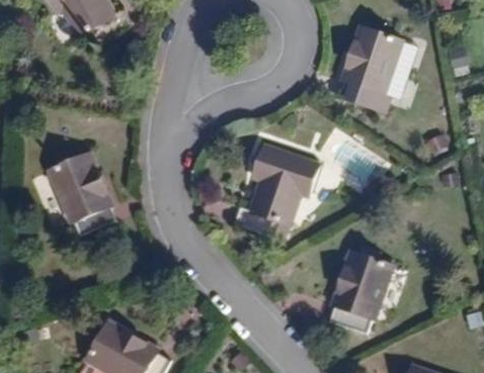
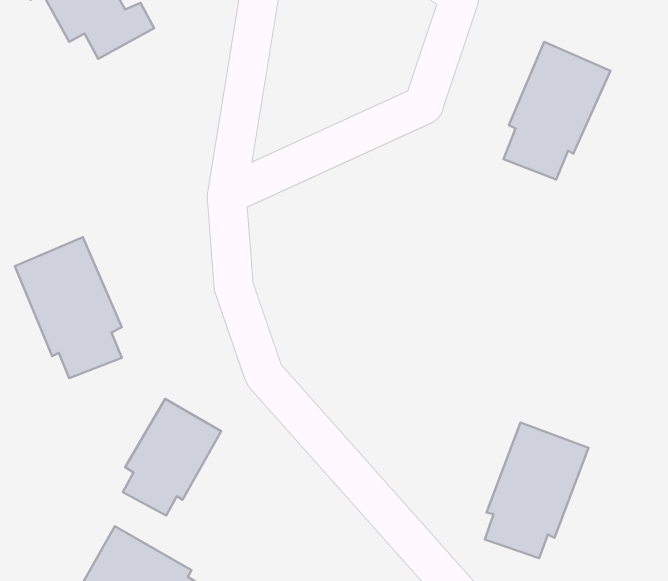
building: [233,133,321,237] -> none
building: none -> [123,399,221,516]

